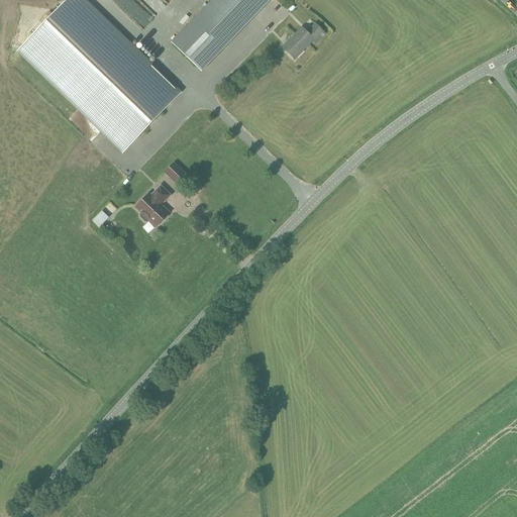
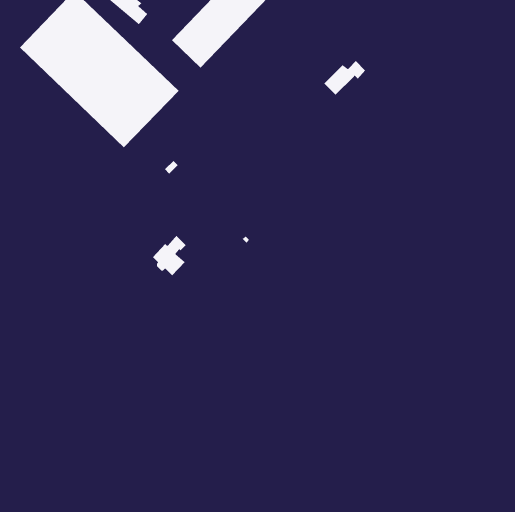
building: [283,21,325,57] -> [323,60,366,96]
building: [136,183,171,224] -> [152,235,186,276]

